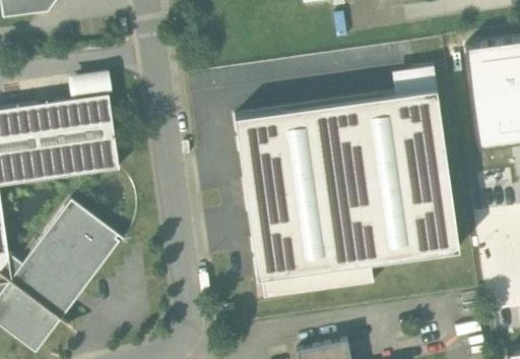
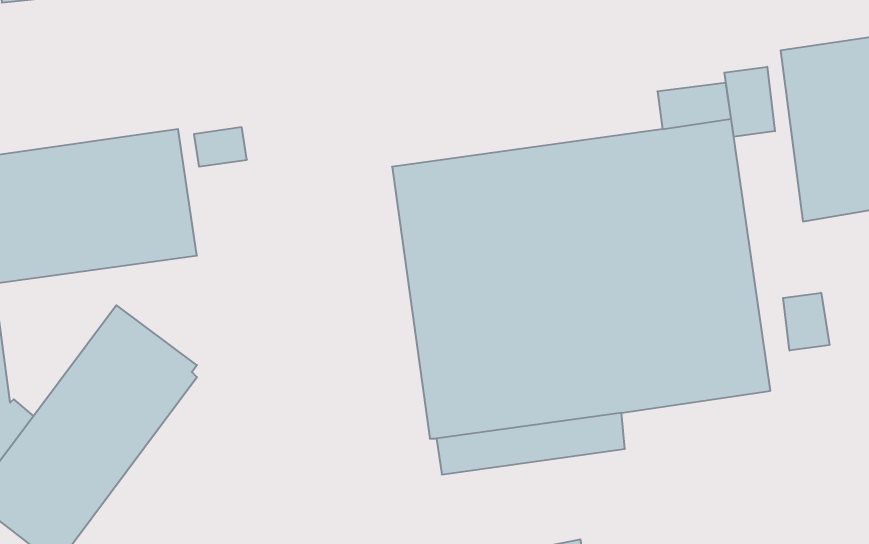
building: none -> [724,67,775,137]
building: [76,70,108,94] -> [194,127,247,167]
building: none -> [783,293,829,351]

